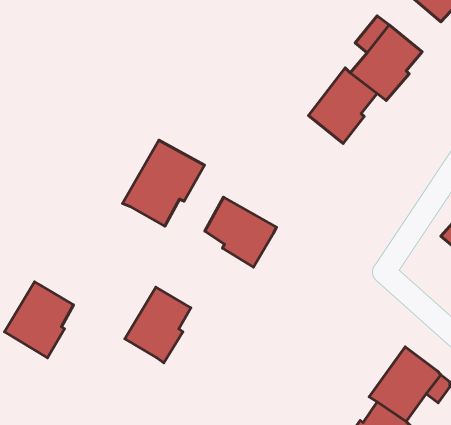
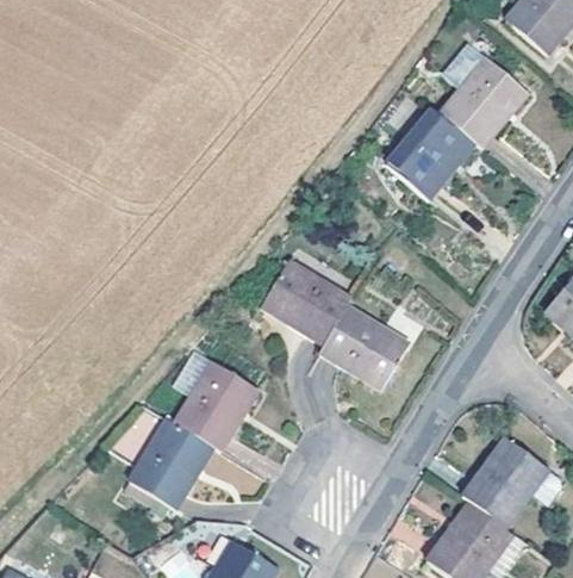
building: [122,140,204,226] -> none
building: none -> [319,303,404,385]
building: [5,282,73,358] -> [125,424,207,515]

